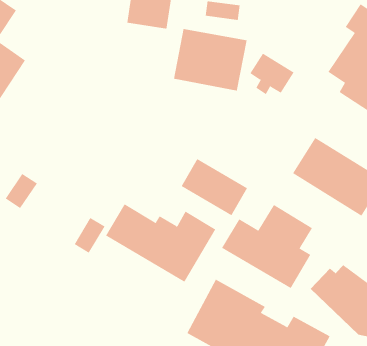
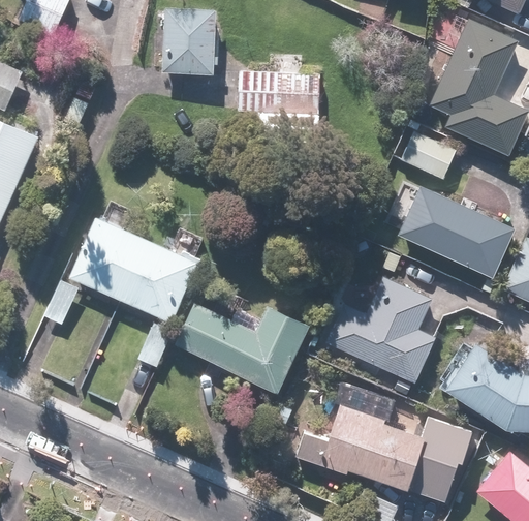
building: [249,53,294,95] -> [400,130,457,183]
building: none -> [70,218,200,324]
building: [181,158,248,216] -> none

